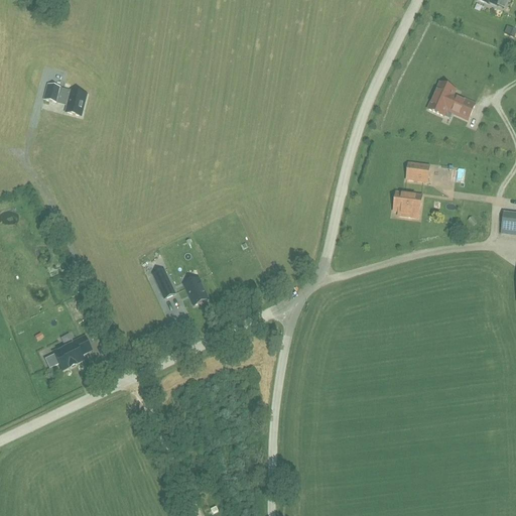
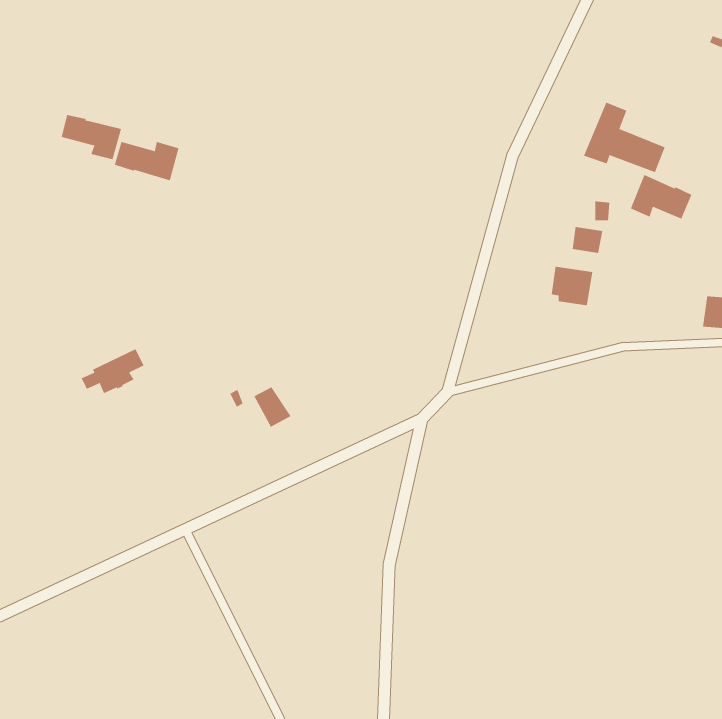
building: none -> [114,141,179,181]
building: none -> [630,174,692,219]
building: [46,336,92,368] -> [81,348,144,394]

